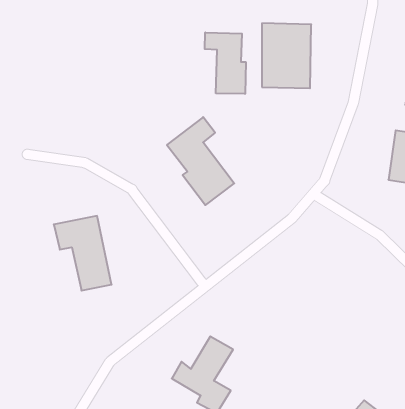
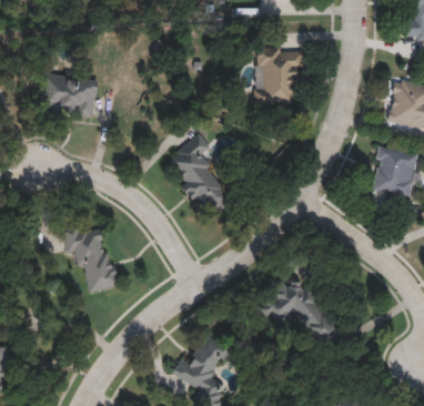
building: [205,32,246,94] -> none
building: none -> [37,73,98,118]
building: none -> [262,276,341,344]

